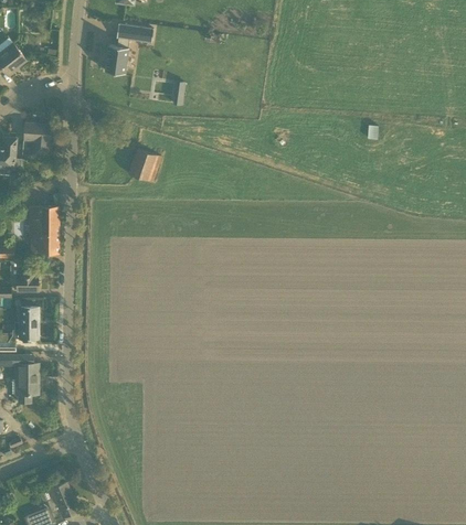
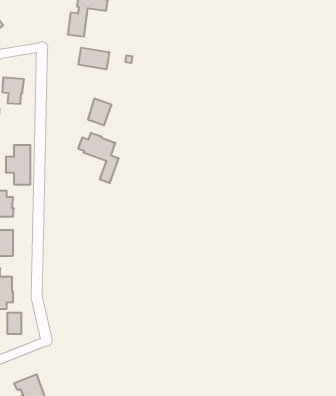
building: none -> [78,48,109,69]
building: none -> [78,133,119,183]
building: none -> [8,313,21,334]

